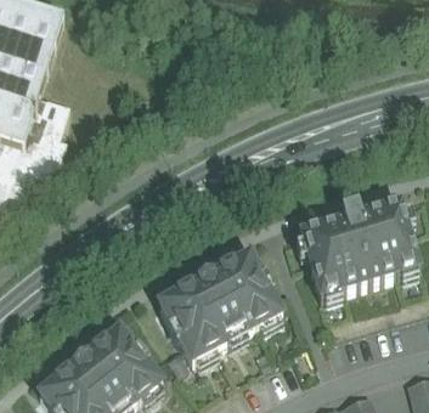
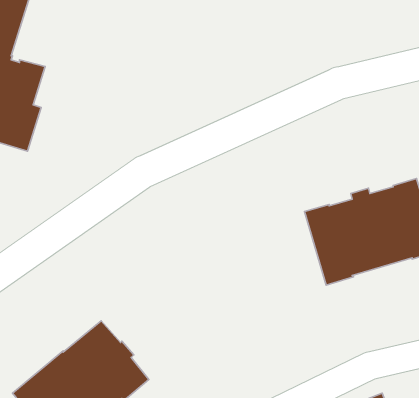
building: [158,253,281,361] -> none

